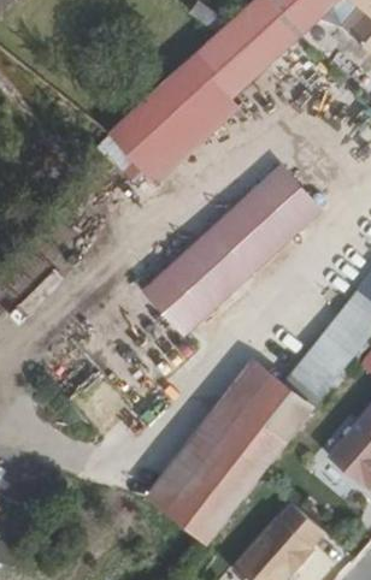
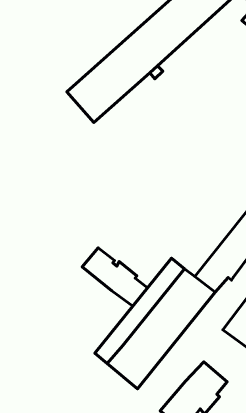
building: [146,168,318,332] -> none
building: none -> [82,248,148,306]

